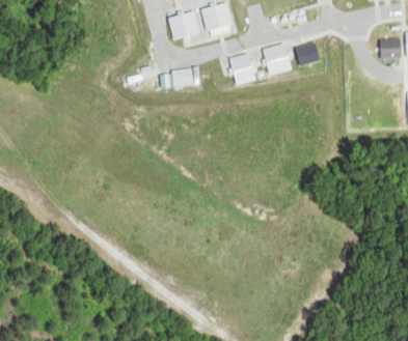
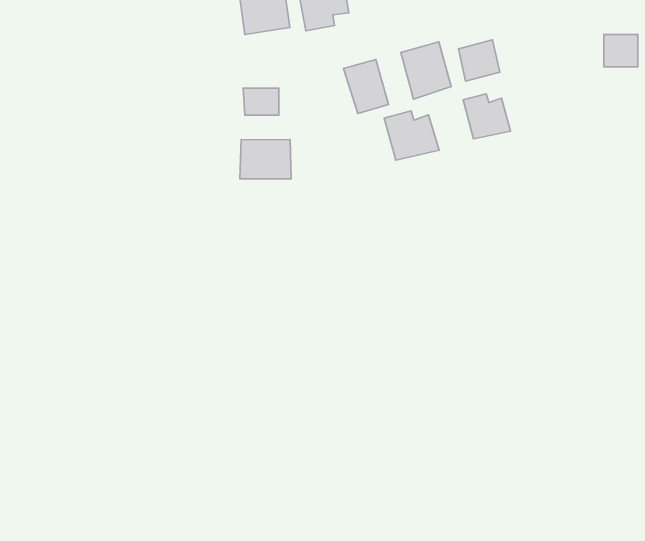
building: none -> [463,94,510,139]
building: none -> [384,111,439,160]
building: none -> [240,140,291,179]

